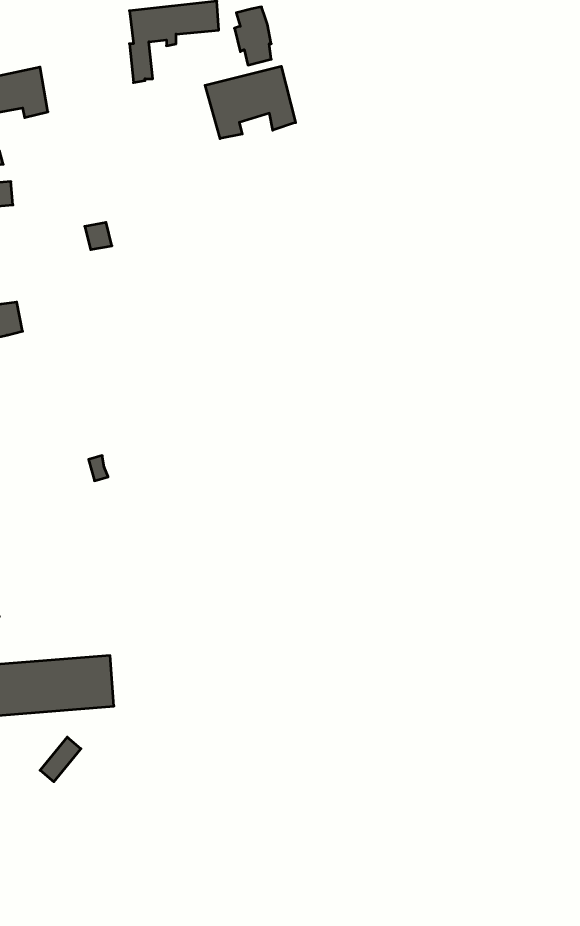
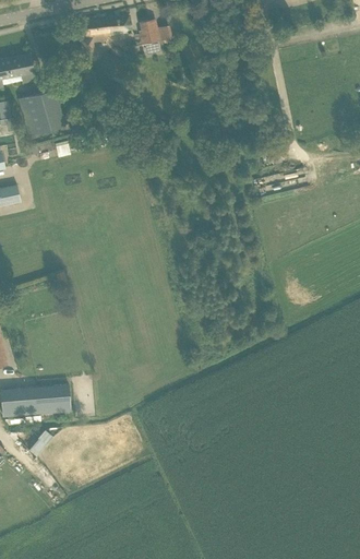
building: [205,66,296,139] -> none
building: none -> [17,86,65,136]

